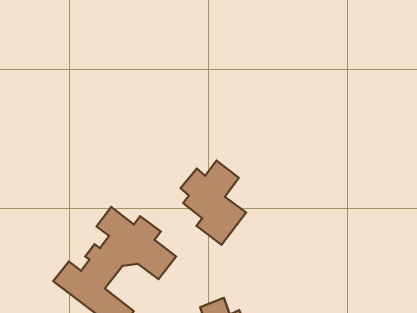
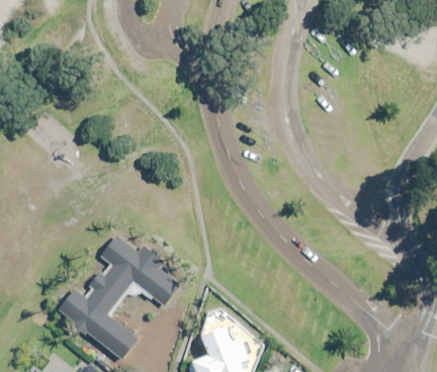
building: [180,161,246,245] -> none

